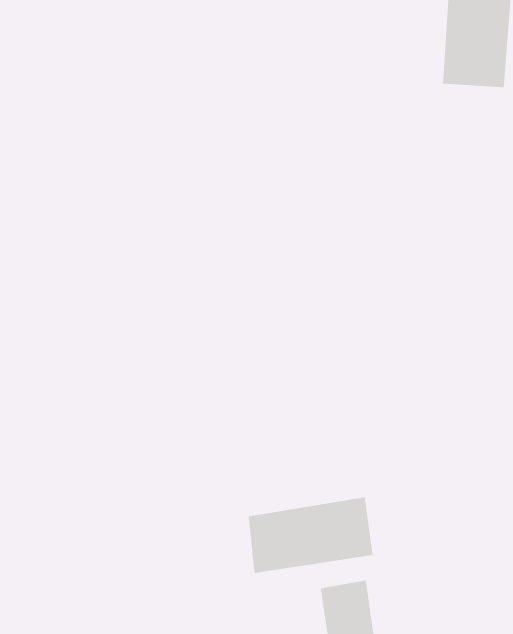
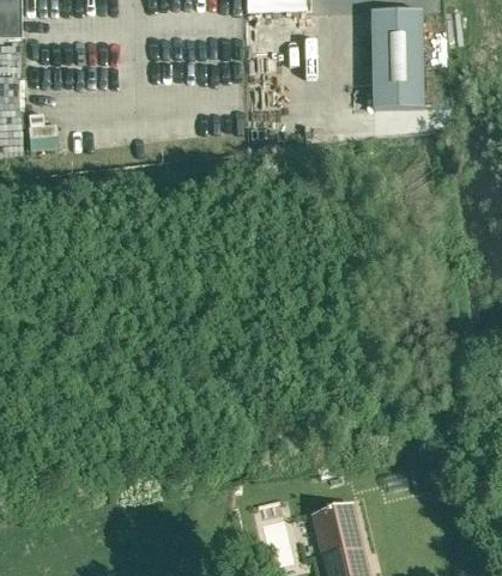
building: [248,497,373,574] -> none

